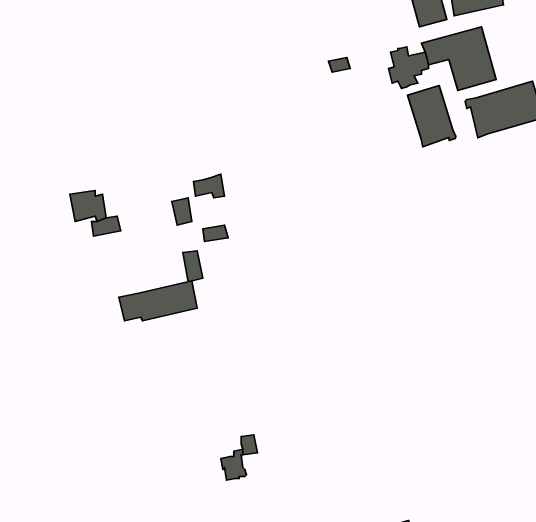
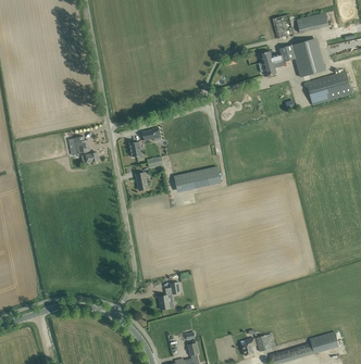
building: [408,86,456,147] -> none
building: [119,281,197,321] -> [174,165,221,189]

